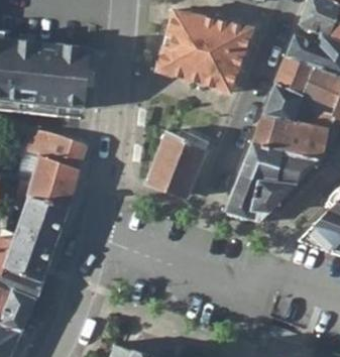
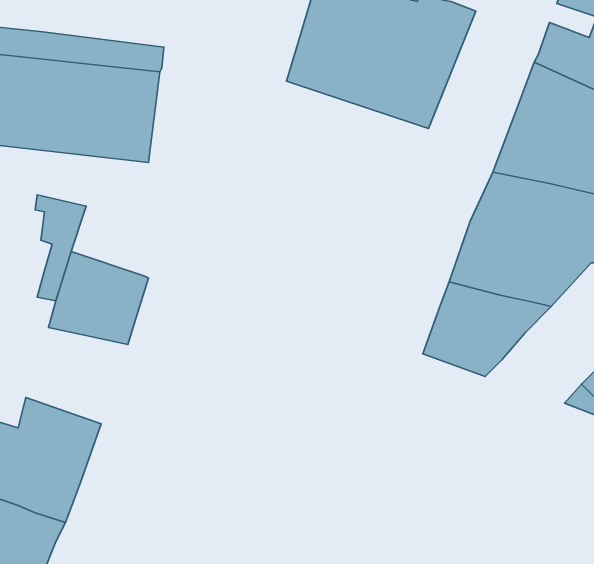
building: [39,132,88,169] -> none
building: [147,132,205,198] -> none
building: [14,180,70,248] -> none

